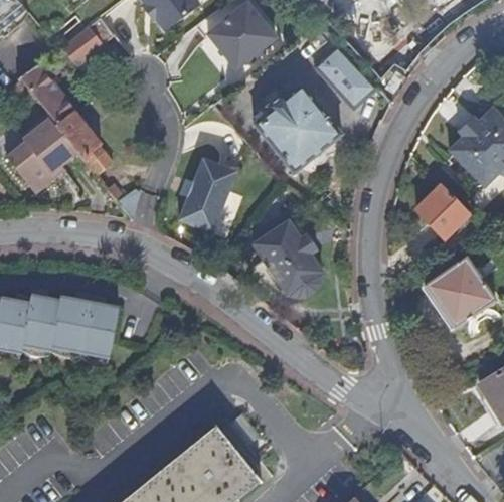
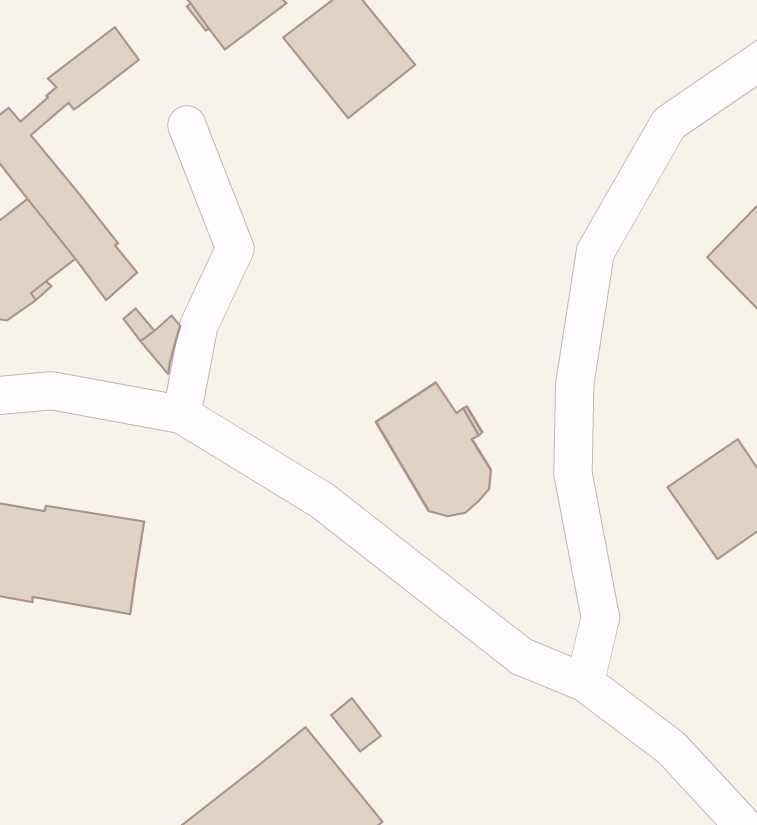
building: [316,45,379,111] -> none
building: [255,83,342,172] -> none
building: [180,159,239,232] -> none
building: [416,184,469,236] -> none

